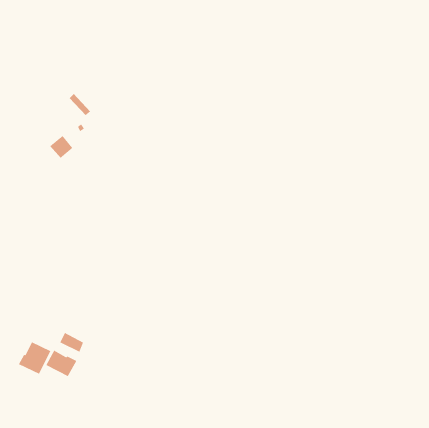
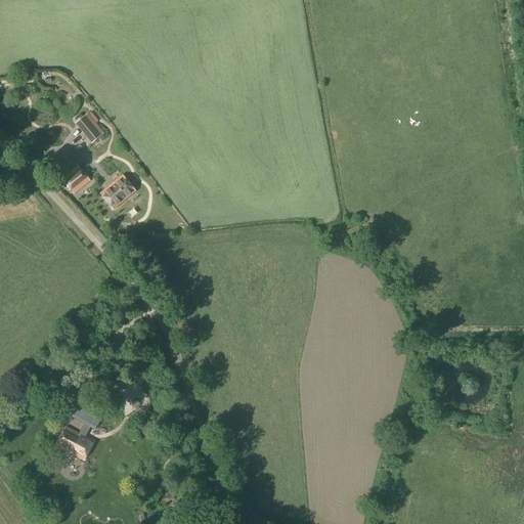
building: none -> [100,175,135,209]
building: [18,341,51,374] -> none

